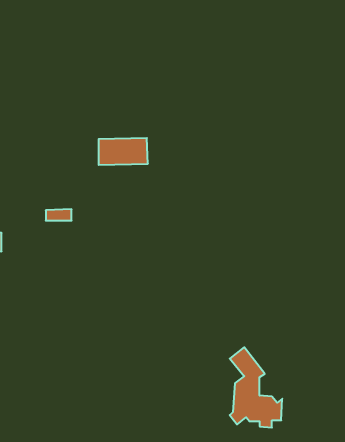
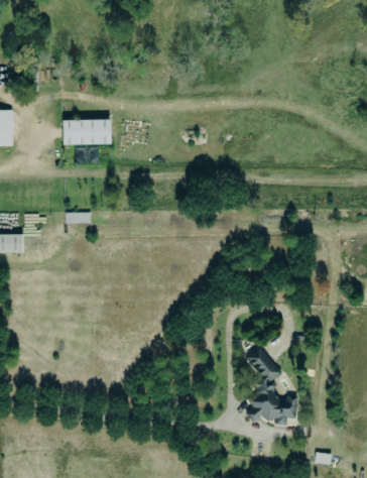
building: [99,138,148,165] -> [63,119,111,145]

